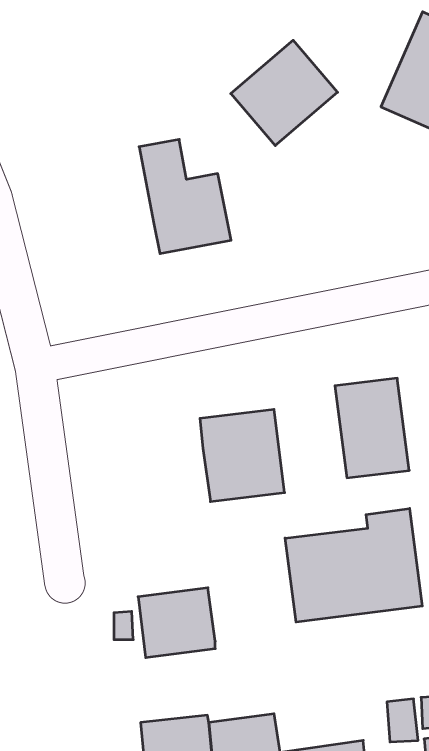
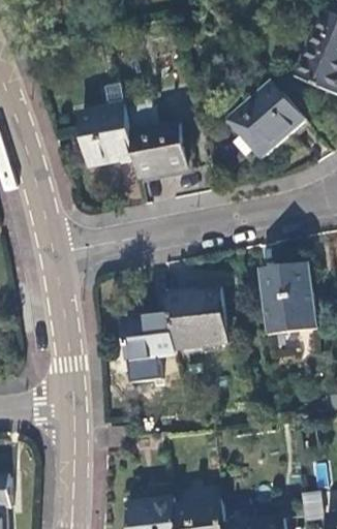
building: [231,40,338,146] -> [227,83,302,156]
building: none -> [79,103,135,166]
building: [285,508,422,622] -> none
building: [138,588,215,658] -> [121,313,175,362]

